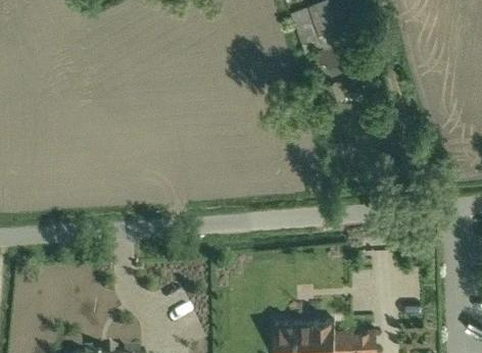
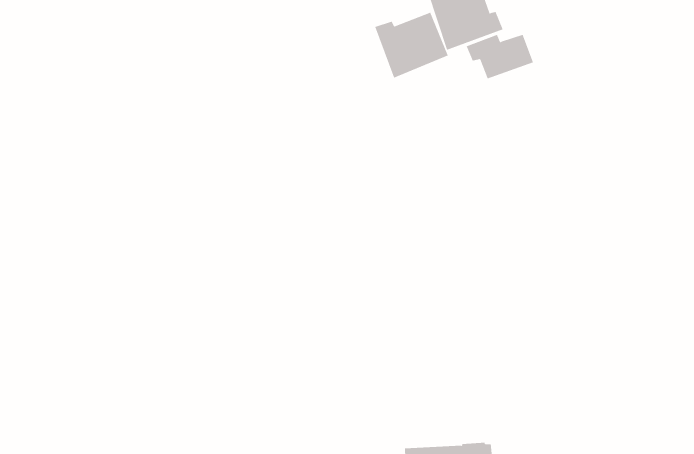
building: none -> [375,12,449,79]

